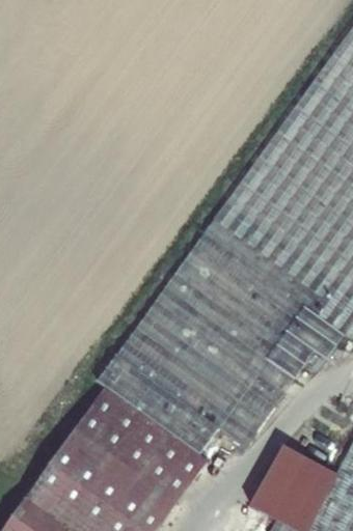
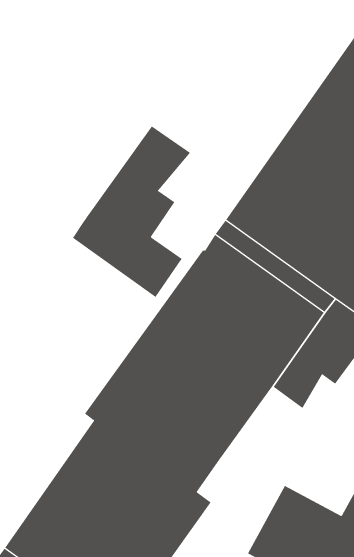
building: none -> [72,126,191,298]
building: [222,355,298,441] -> none

